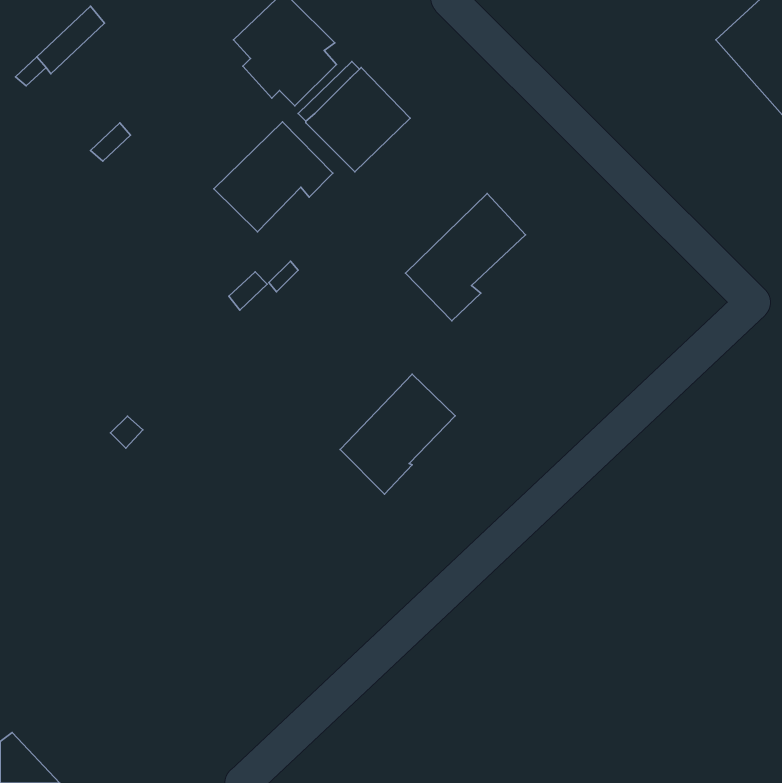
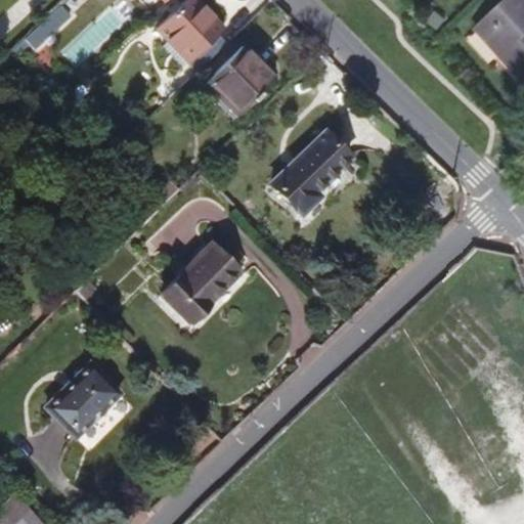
building: [214,122,333,232] -> none
building: [340,374,455,494] -> [164,243,241,322]
building: none -> [52,363,126,436]

